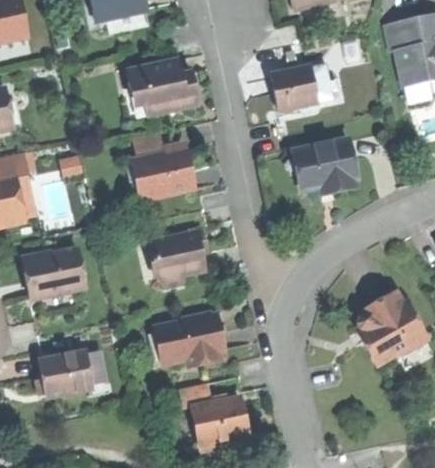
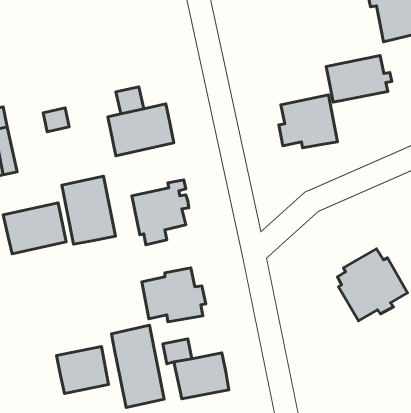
building: [126,57,199,120] -> none
building: [272,62,338,109] -> [326,55,392,102]
building: none -> [62,176,116,244]
building: [39,350,91,397] -> [57,346,109,393]
building: none -> [111,325,164,408]

